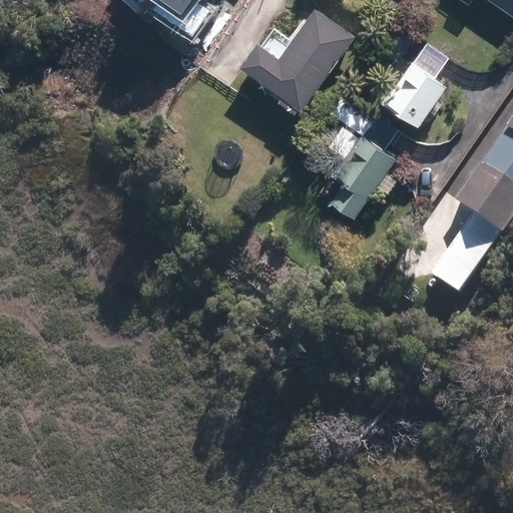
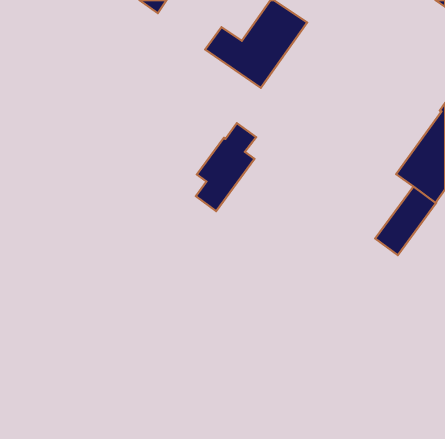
building: [383,49,448,127] -> none
building: [331,117,400,218] -> [196,123,256,211]

